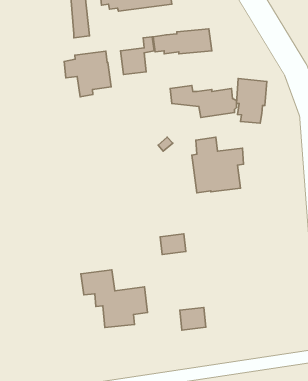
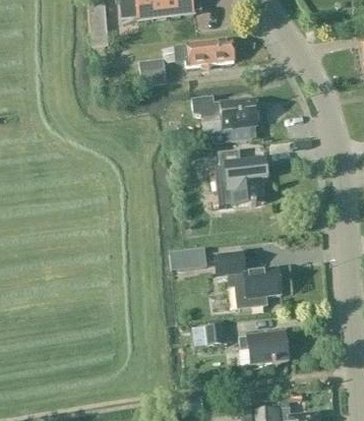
building: [64,51,111,97] -> none
building: [237,79,267,123] -> none
building: [81,270,147,328] -> [213,249,281,308]
building: none -> [238,329,288,364]

